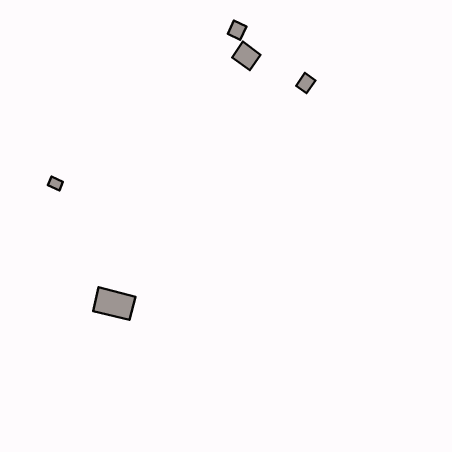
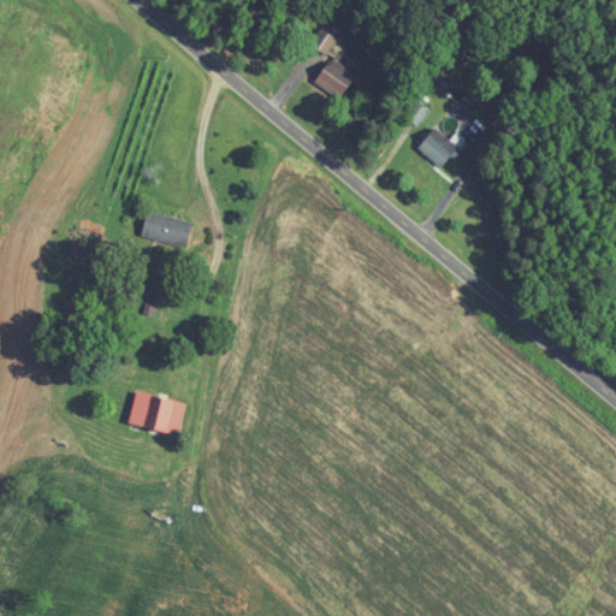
building: none -> [416,128,457,167]
building: none -> [140,211,192,248]

